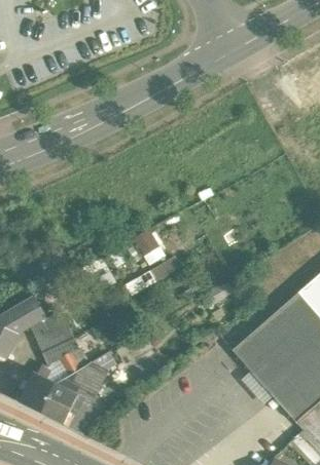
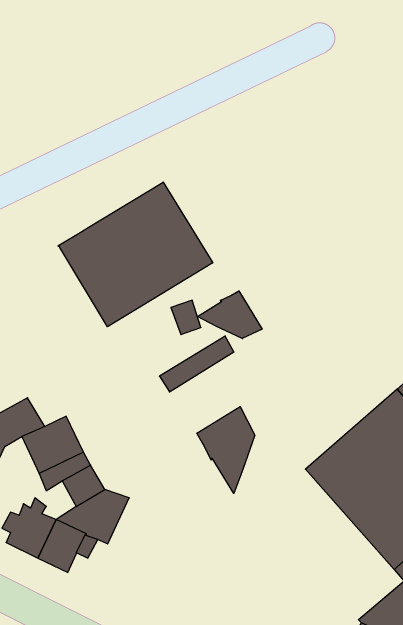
building: none -> [58,182,213,327]
building: none -> [197,291,262,339]
building: none -> [197,407,255,493]

